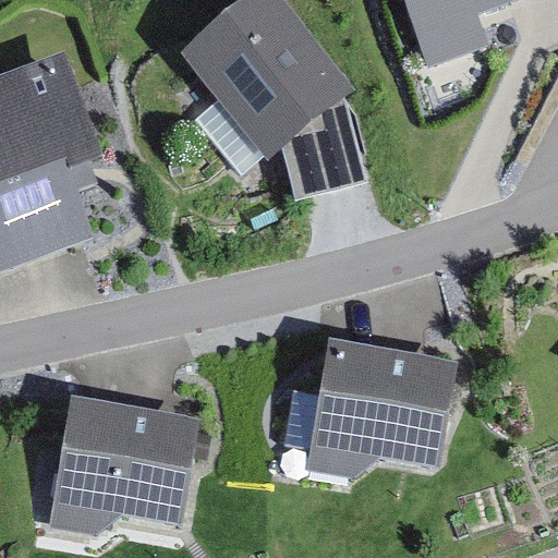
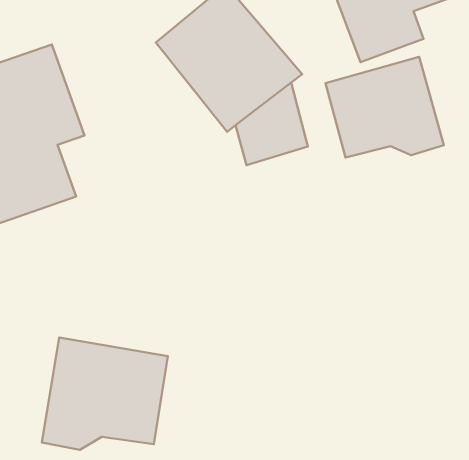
building: none -> [326,57,444,158]
building: [304,339,456,470] -> none

